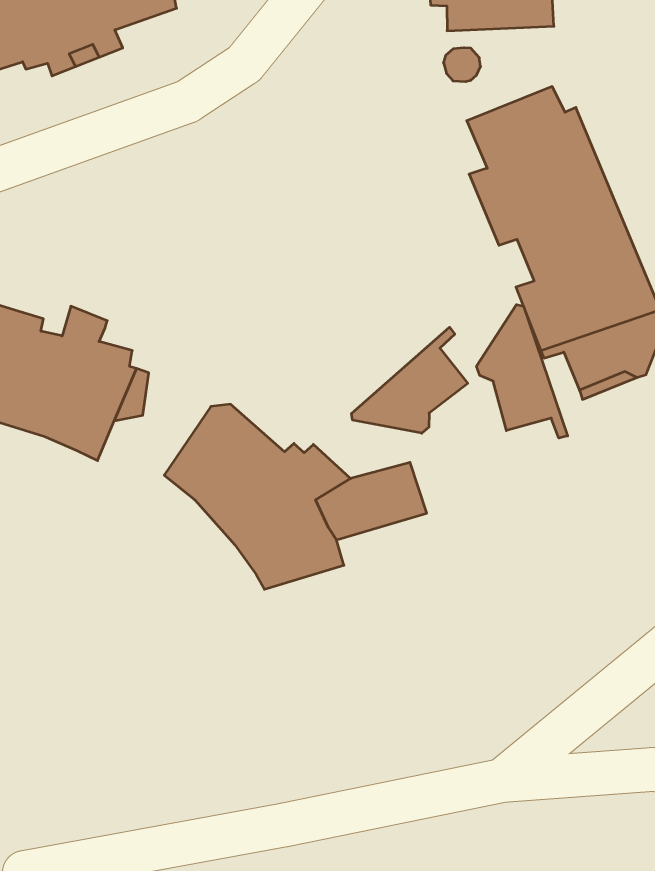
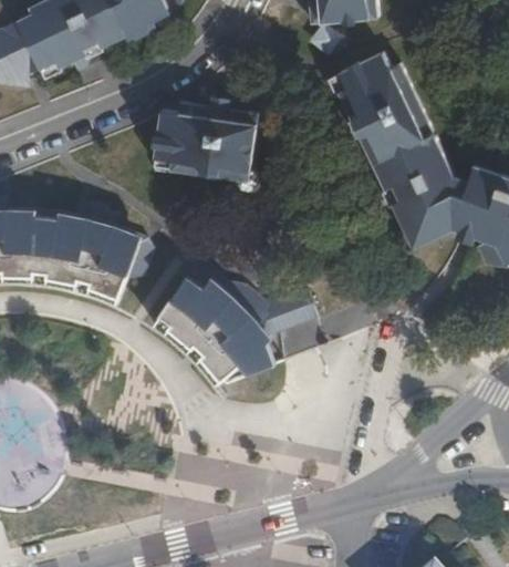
building: none -> [150,99,254,179]
building: [477,305,568,438] -> none
building: [352,327,468,433] -> none

